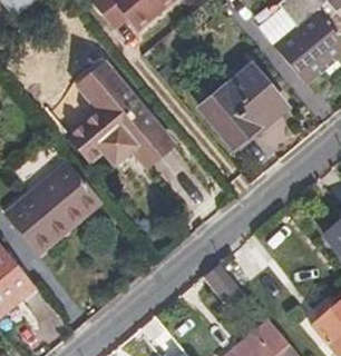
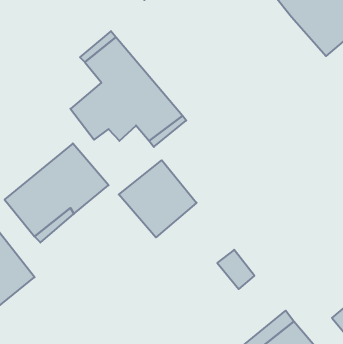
building: [202,62,286,145] -> none
building: none -> [119,160,197,237]

